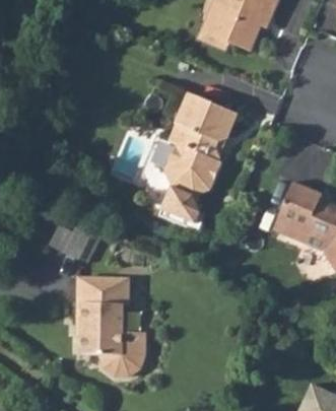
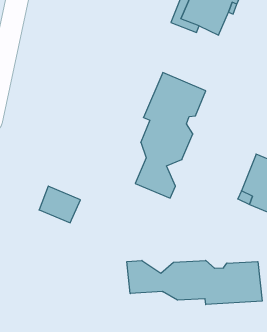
building: [74,271,141,368] -> none
building: none -> [127,260,262,305]

